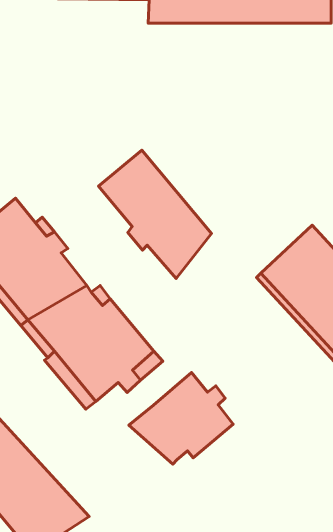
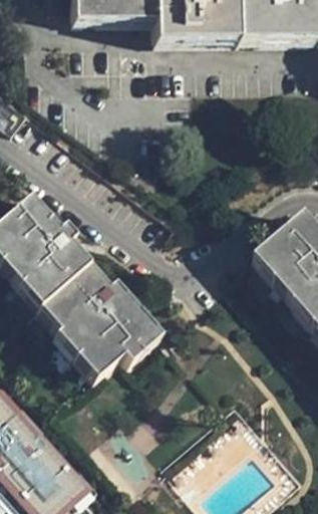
building: [98,150,212,279] -> none
building: [129,373,233,464] -> none

